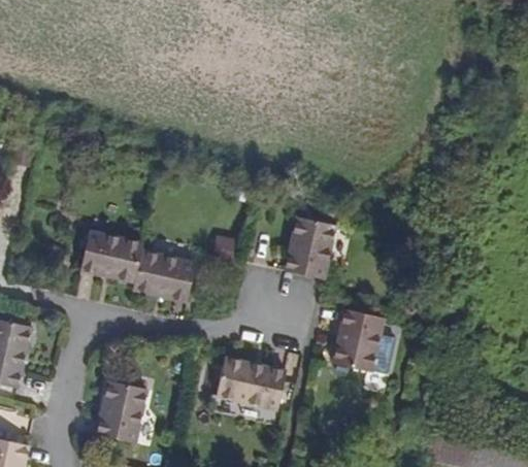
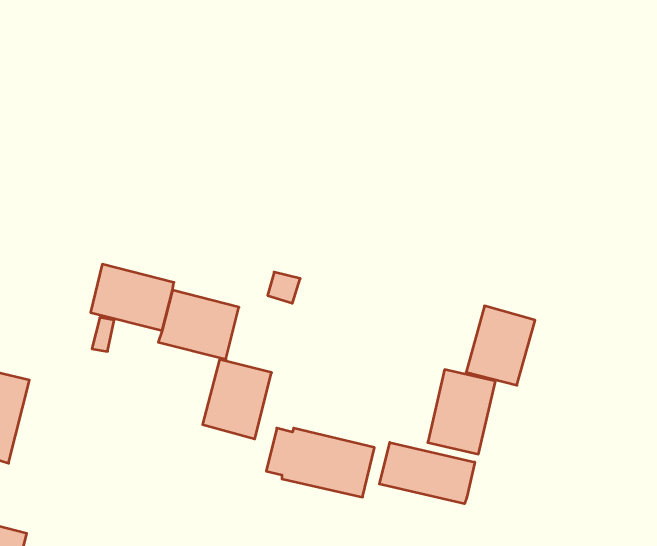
building: [284,215,338,278] -> [466,306,535,385]
building: none -> [379,442,475,504]
building: [89,378,143,441] -> [203,360,272,439]

